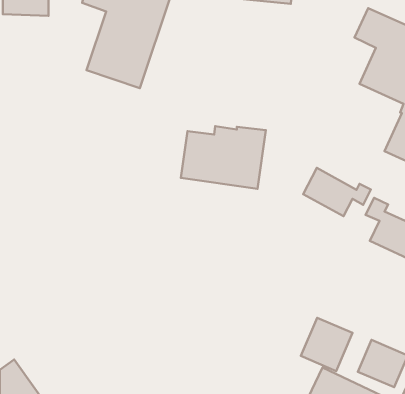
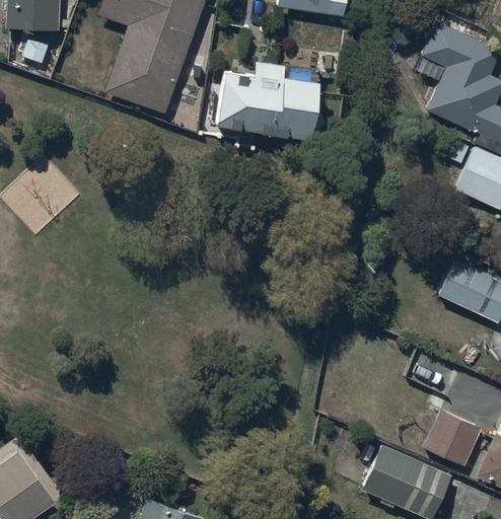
building: [181,126,266,189] -> [215,63,315,137]
building: [303,168,371,216] -> none
building: [301,318,353,371] -> none

